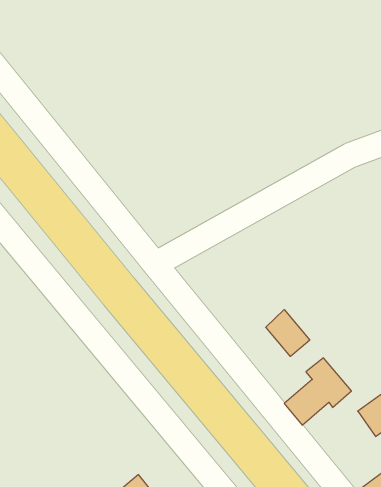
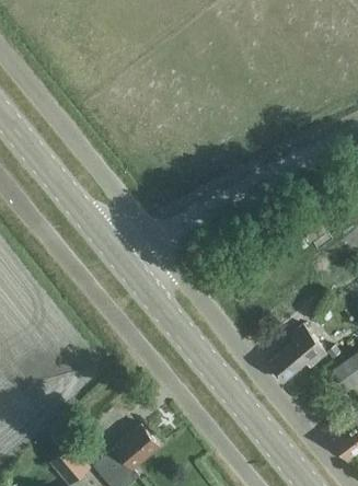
building: [266,310,310,356] -> none

